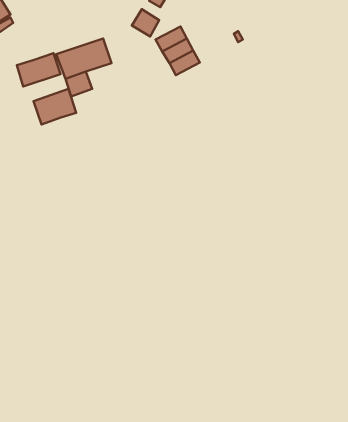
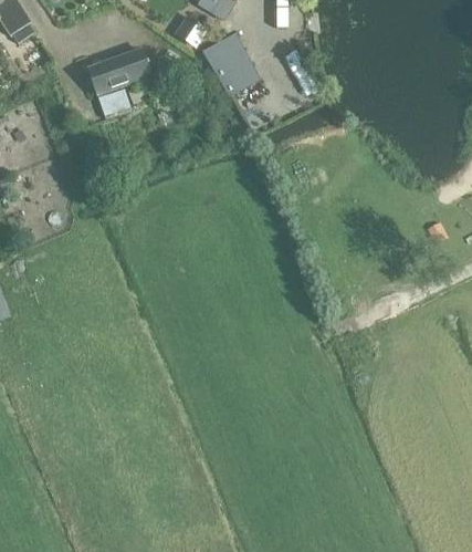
building: [17,53,61,86] -> none
building: [33,89,76,125] -> none

